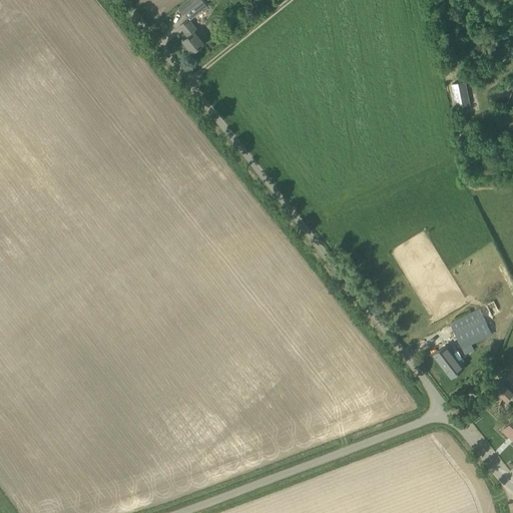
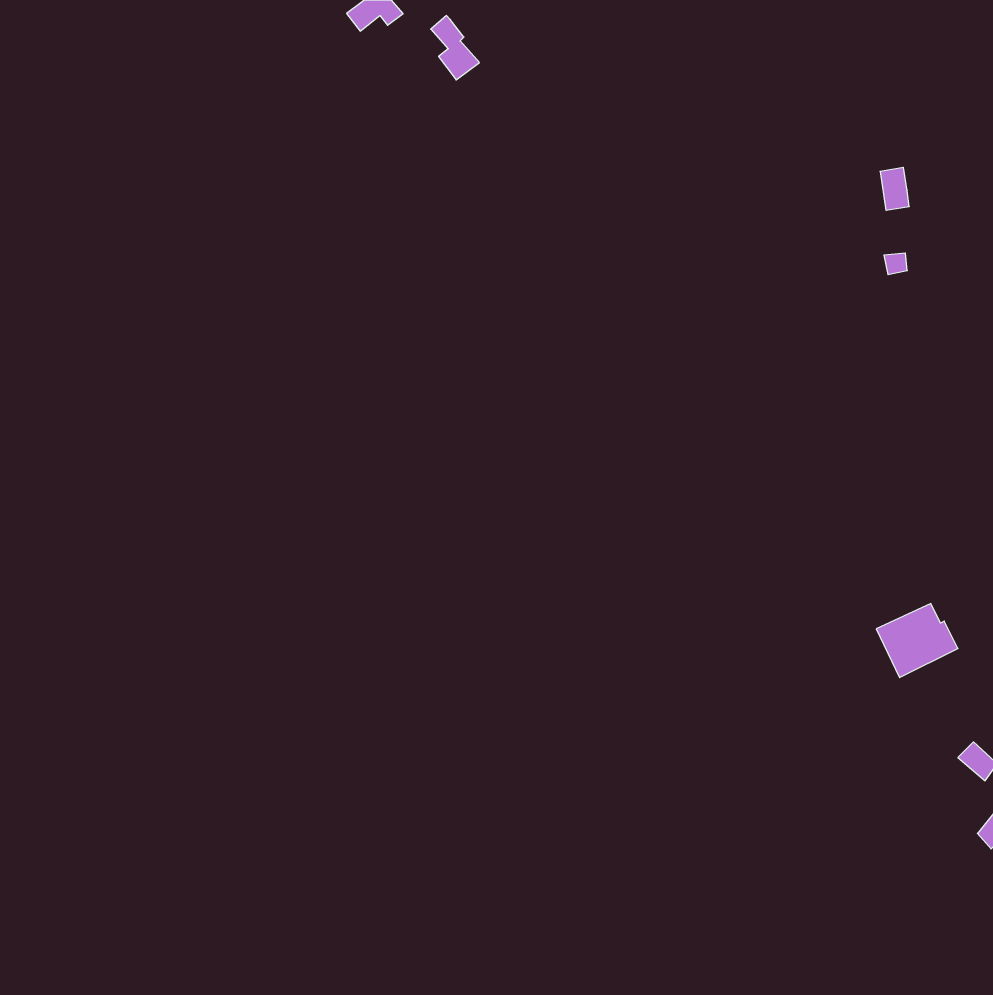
building: [180,19,205,52] -> [431,16,479,80]
building: [436,346,463,377] -> none

